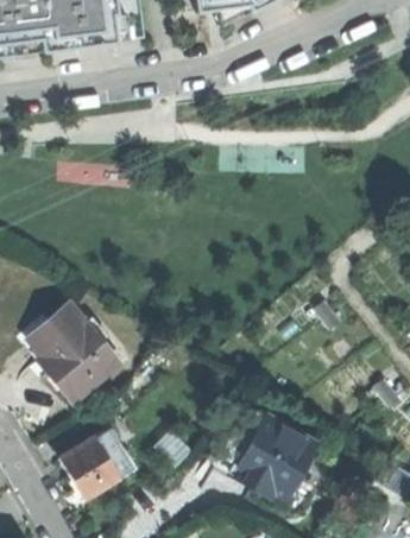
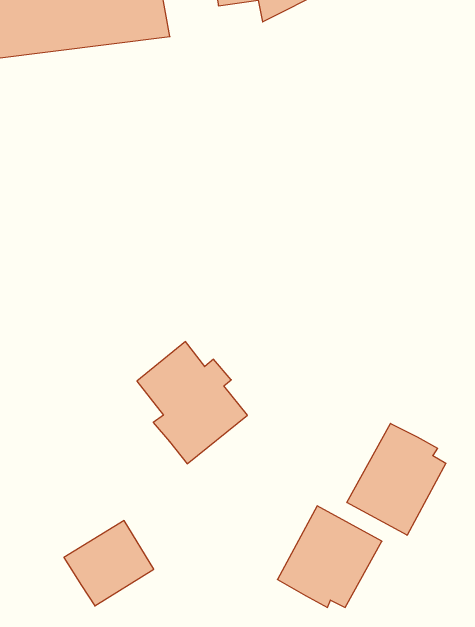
building: [32,303,121,401] -> [137,342,247,464]
building: none -> [347,423,446,535]

